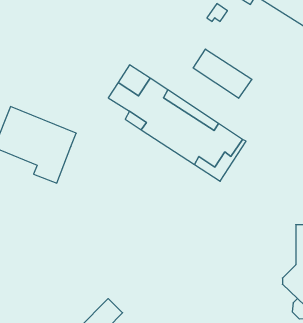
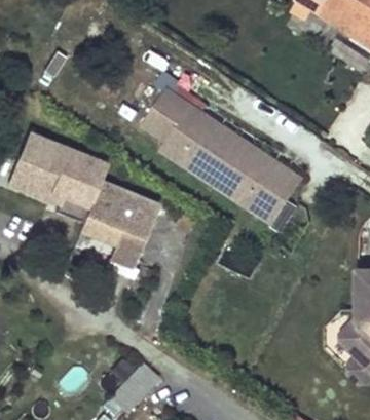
building: [193,49,252,98] -> none
building: none -> [80,183,157,270]

